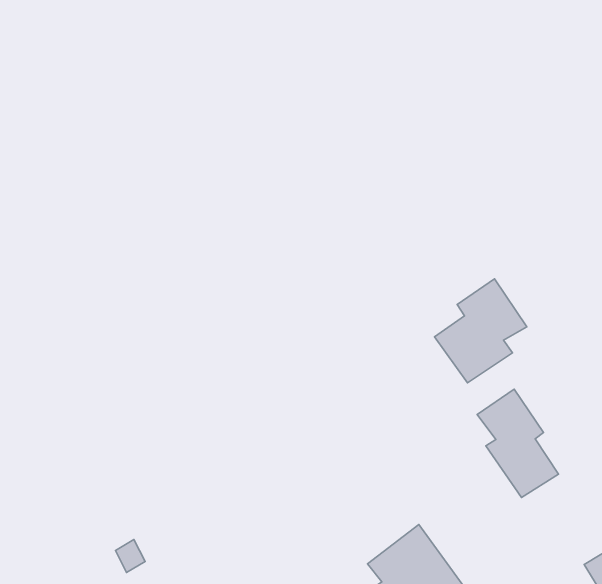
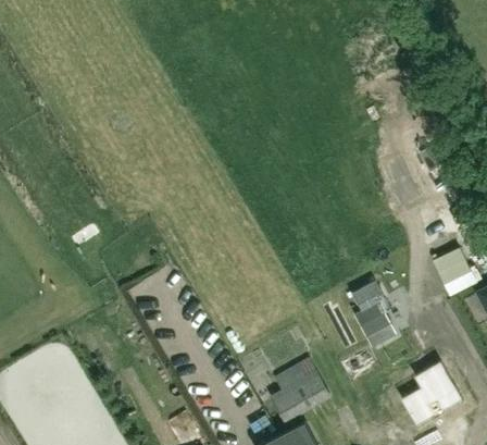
building: [435,279,527,383] -> none

